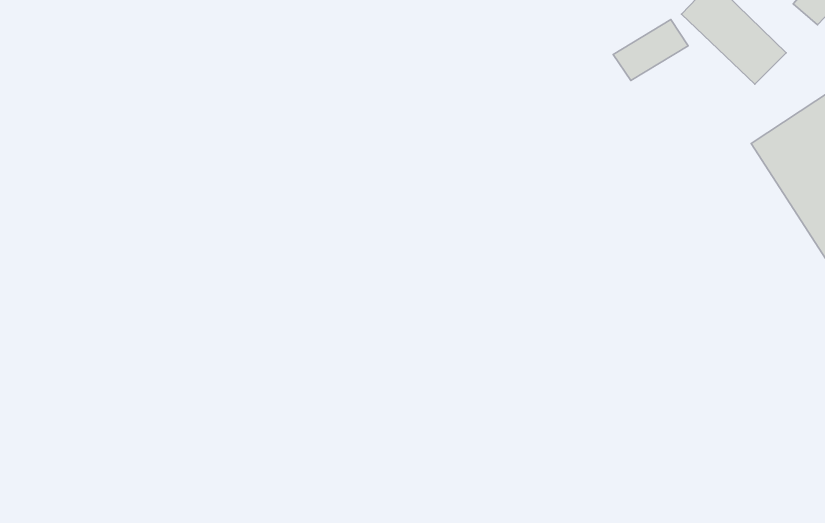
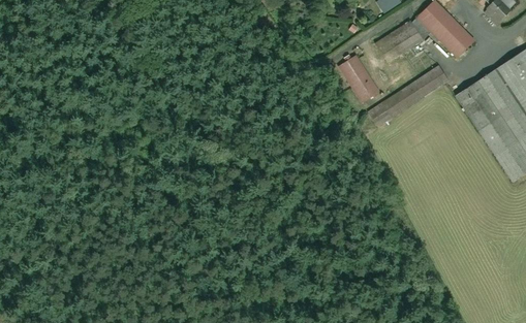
building: none -> [338,57,378,102]
building: none -> [368,63,451,127]

